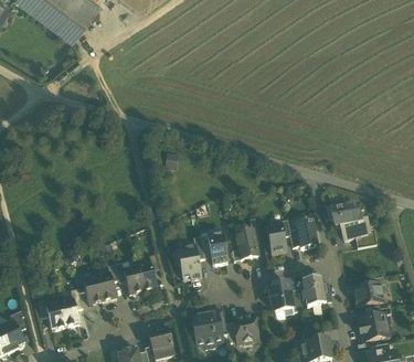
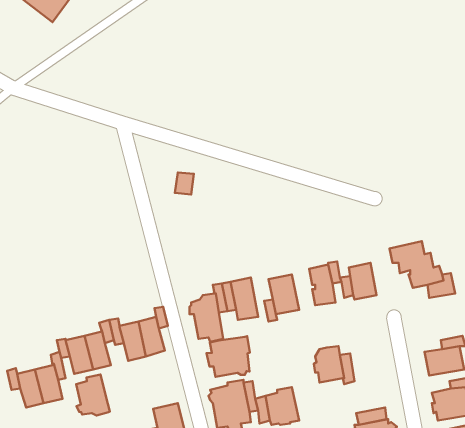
building: none -> [206,336,250,377]
building: [301,277,330,307] -> none
building: none -> [76,375,110,415]

